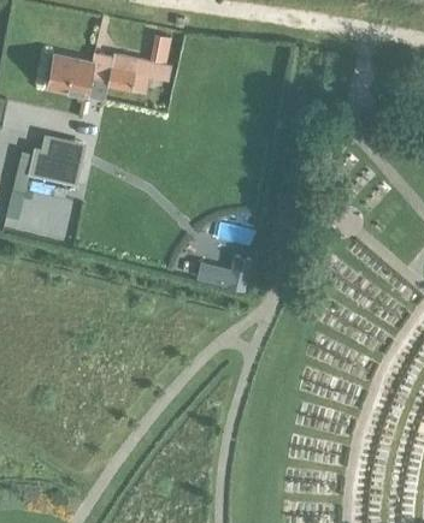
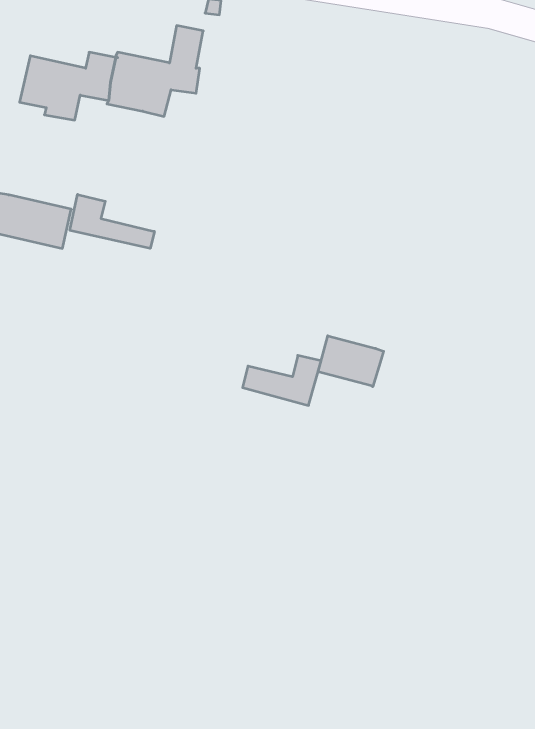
building: none -> [70,194,154,248]
building: none -> [318,336,384,387]

